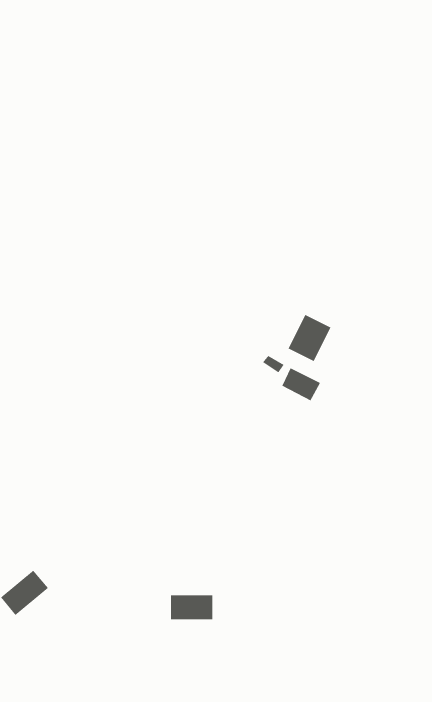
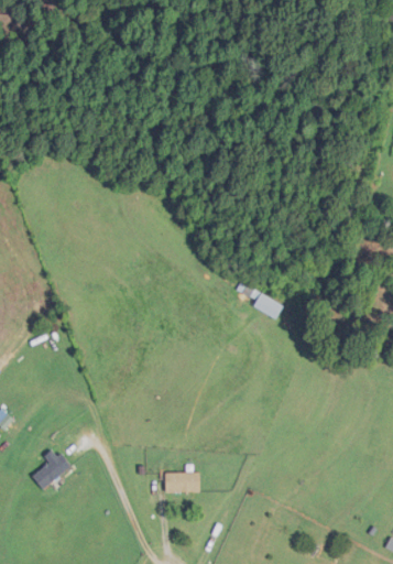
building: [288,314,331,362] -> none

